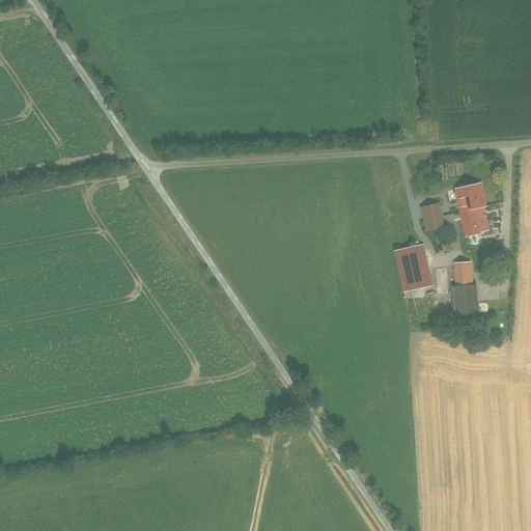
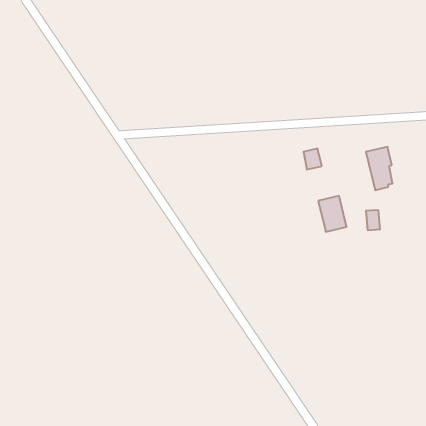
building: [421,203,444,229] -> [303,149,322,169]
building: [453,285,478,315] -> none

